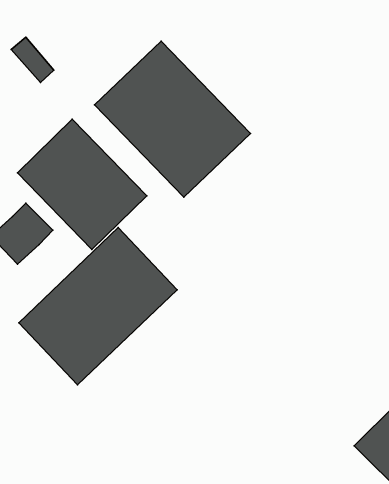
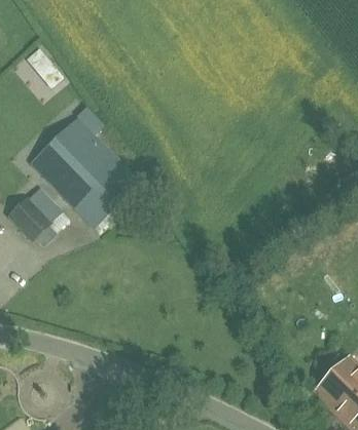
building: [95,41,250,197] -> none
building: [19,228,177,385] -> none

